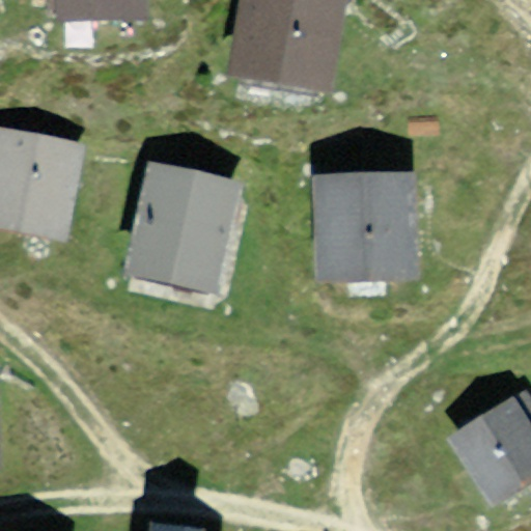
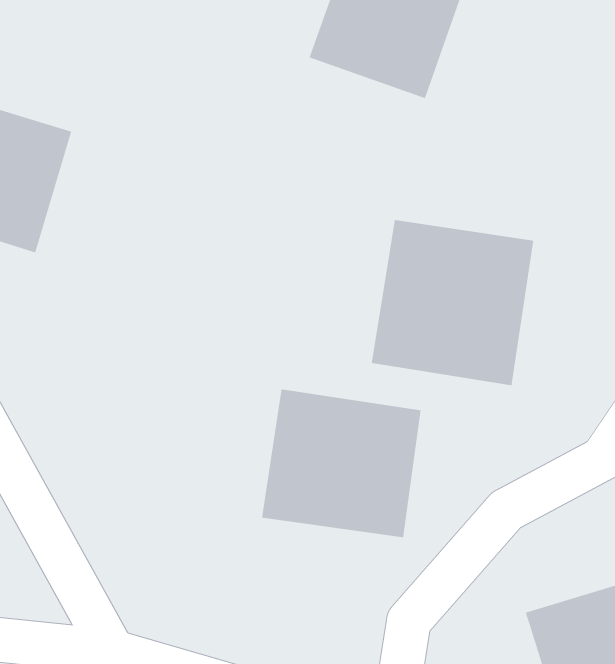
building: [123,167,241,297] -> none
building: none -> [261,389,422,538]

